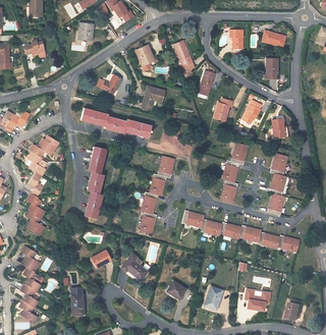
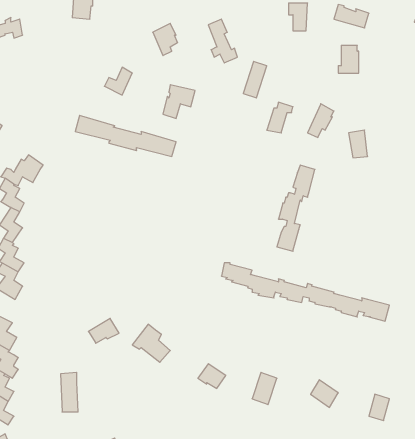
building: [85,147,105,219] -> none
building: [267,153,287,215] -> none
building: [140,156,174,234] -> none

